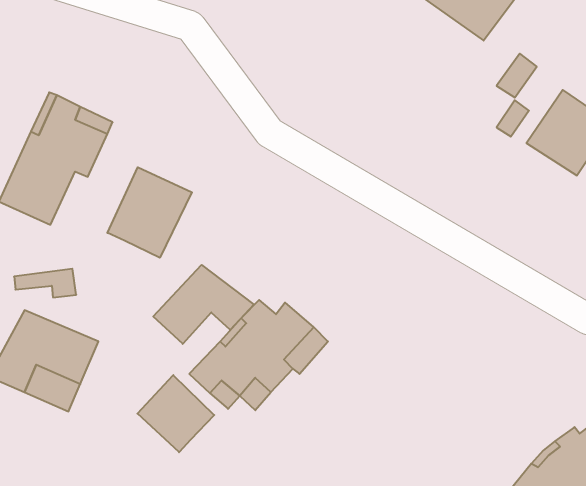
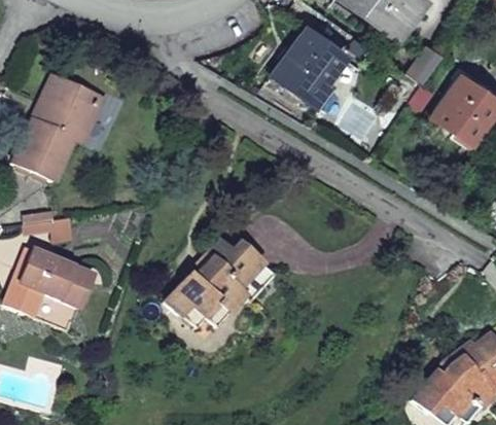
building: none -> [272,27,344,99]
building: [107,167,192,258] -> none
building: [153,265,254,344] -> none
building: [137,375,214,452] -> none

